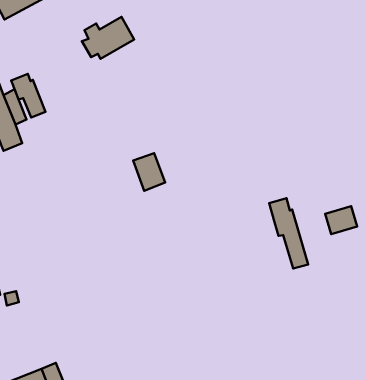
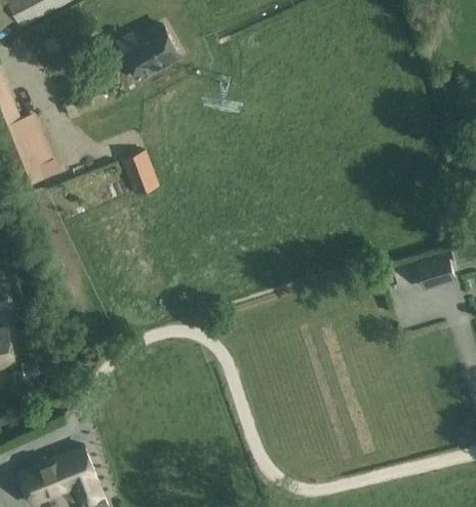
building: [11,74,46,118] -> none
building: [133,153,165,191] -> [119,148,158,194]
building: [269,198,308,269] -> none

